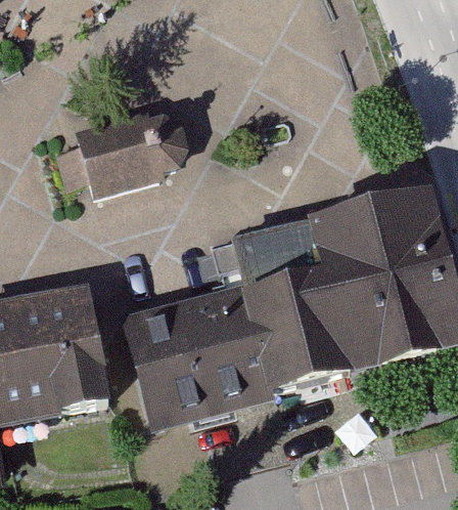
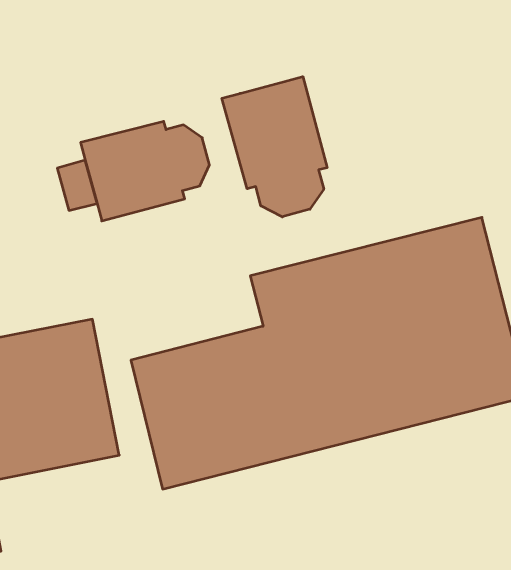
building: none -> [222,77,327,217]

